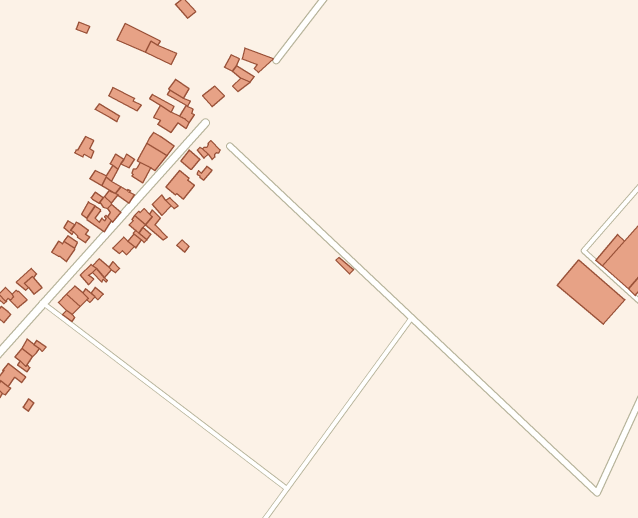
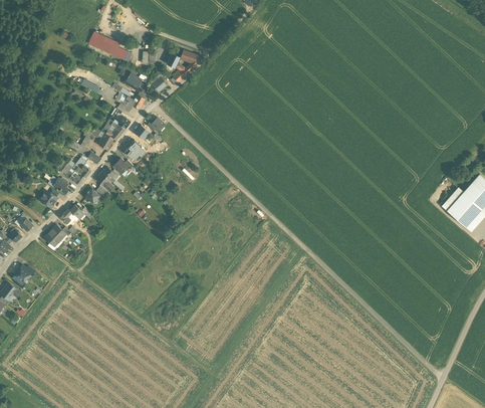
building: [557,260,625,324] -> none

